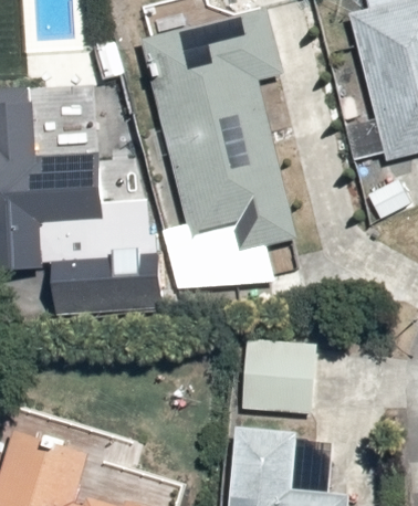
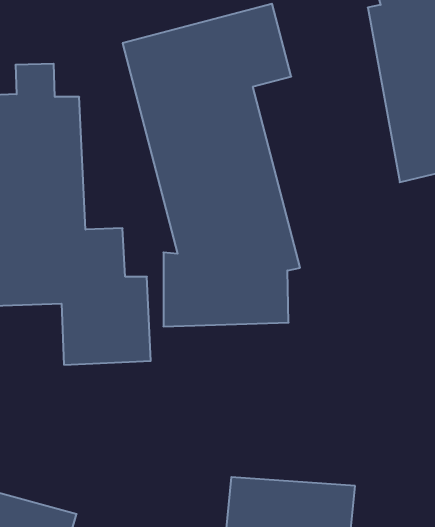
building: [240,341,320,413] -> none

